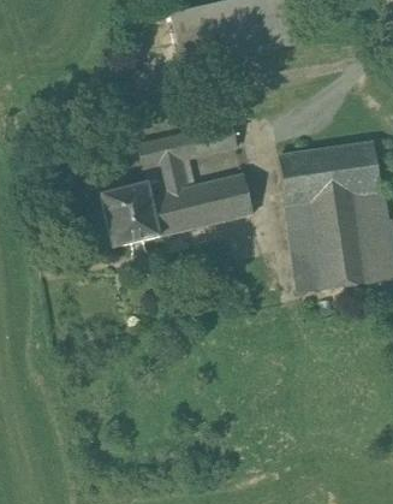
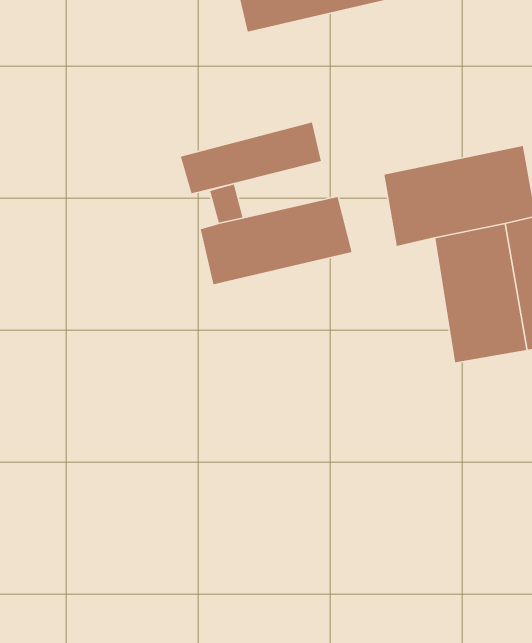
building: [106,184,163,245] -> none
building: [285,203,323,290] -> none

